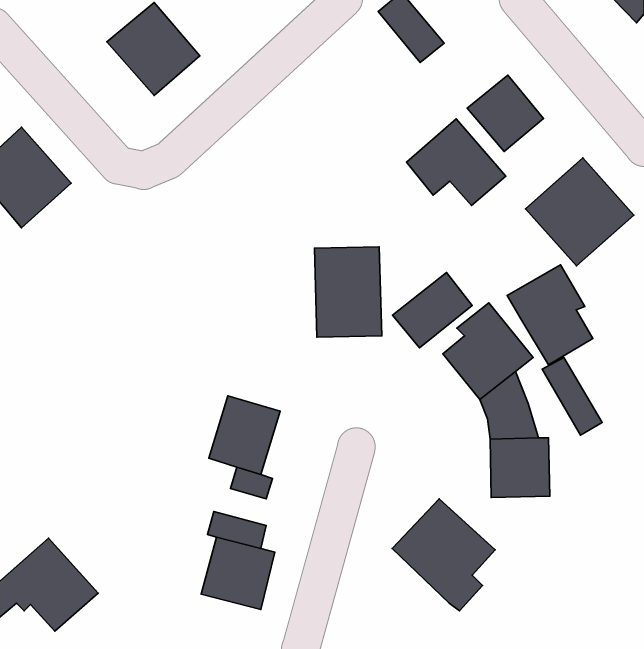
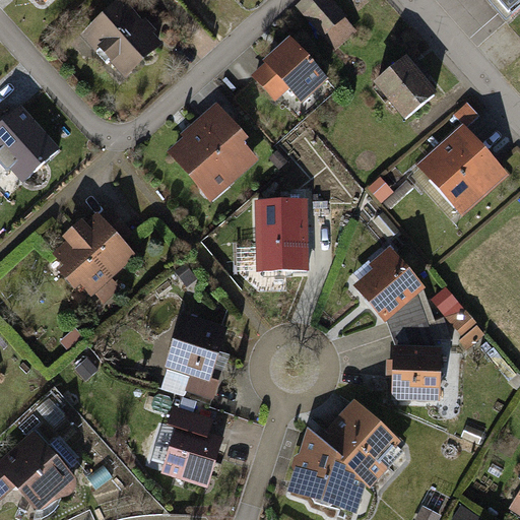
building: [407,119,506,205] -> [252,38,331,107]
building: none -> [171,104,257,195]
building: none -> [55,211,137,300]
building: [507,265,593,365] -> none
building: [392,273,472,348] -> none
building: none -> [284,432,359,512]

